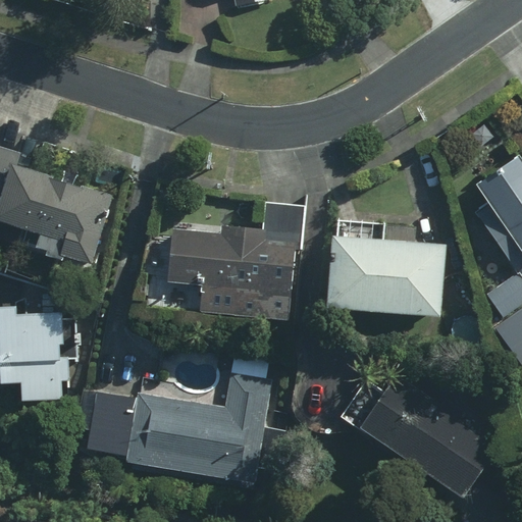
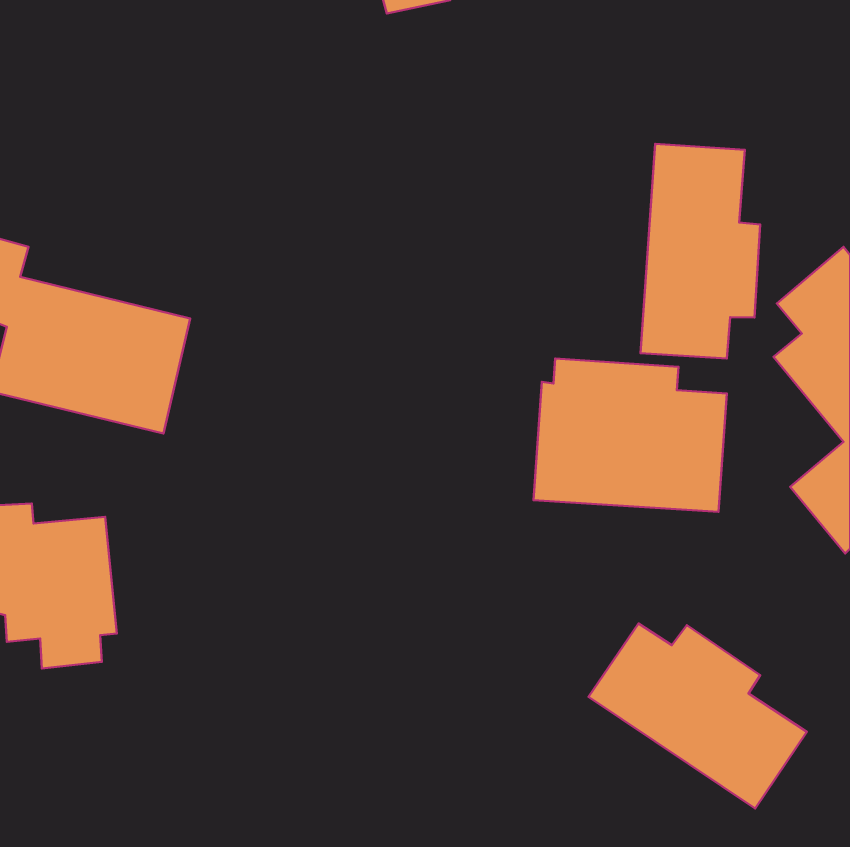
building: none -> [641,144,760,358]
building: [168,204,301,317] -> none
building: [90,360,274,479] -> none

